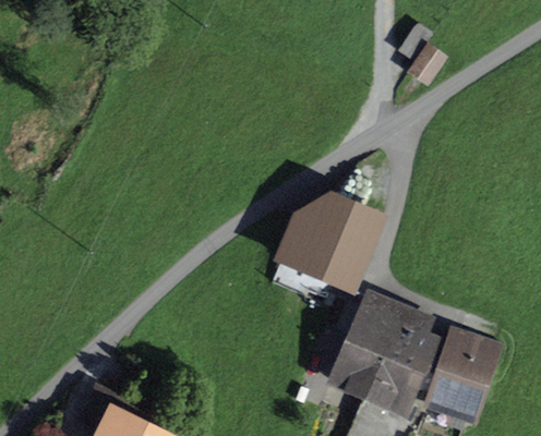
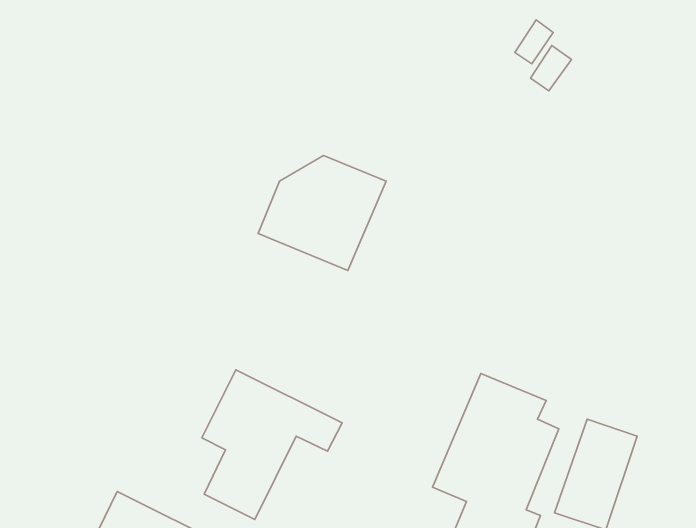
building: [280,196,378,284] -> [258,155,386,271]
building: none -> [202,370,342,519]

